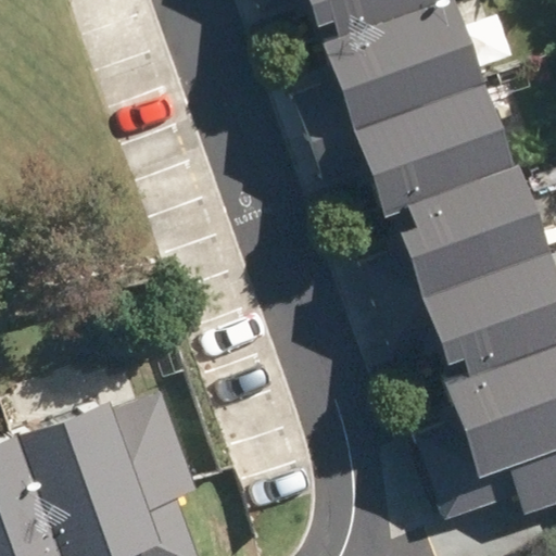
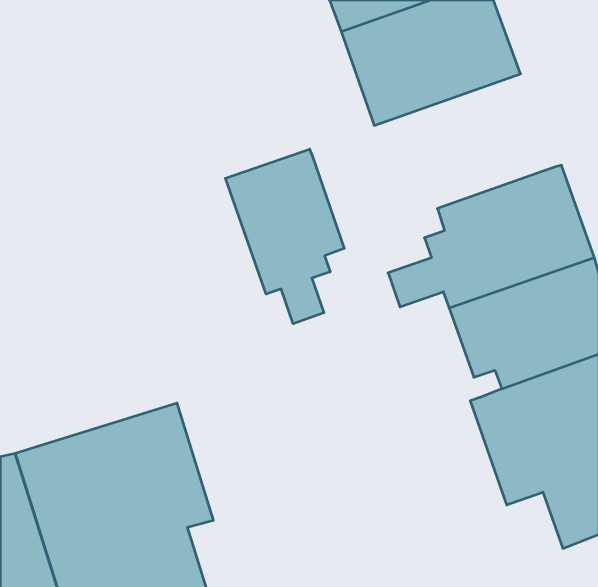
building: [348,79,514,214] -> none
building: none -> [225,149,344,324]

